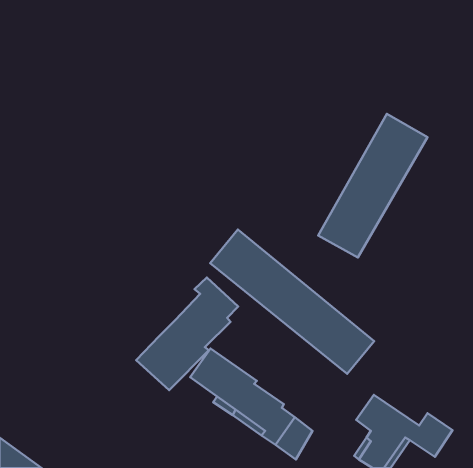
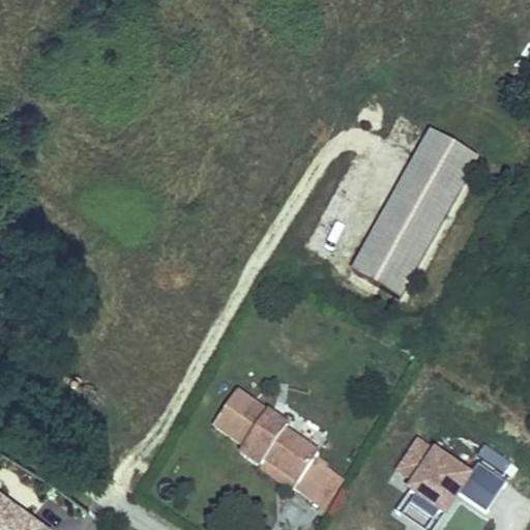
building: [210,229,374,374] -> none
building: [136,278,238,390] -> none

